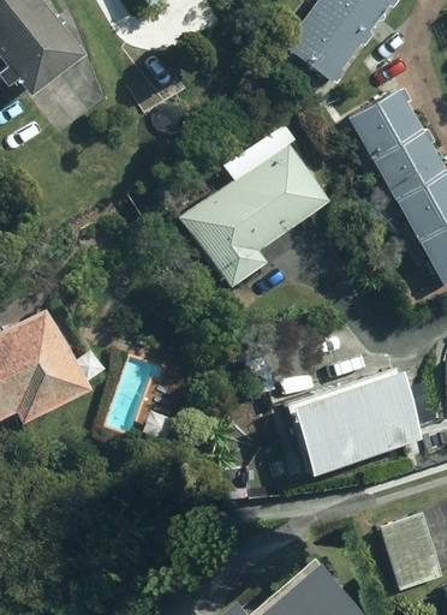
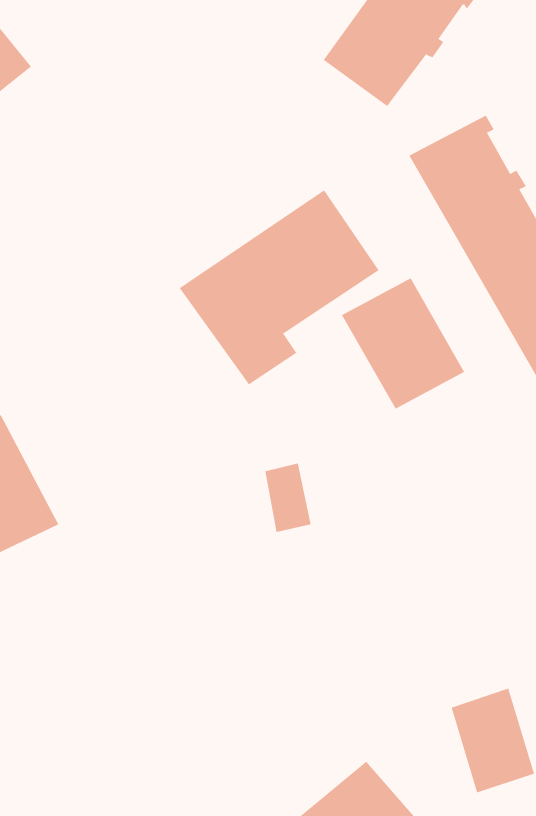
building: none -> [341,277,465,409]
building: [288,366,423,476] -> none

